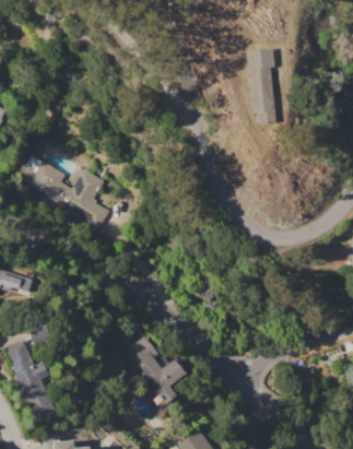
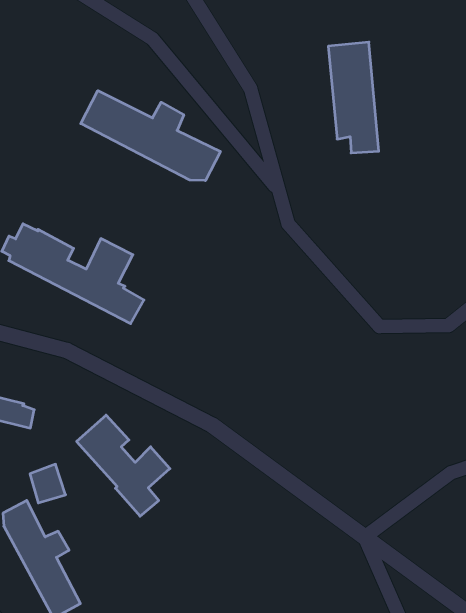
building: none -> [81,91,220,181]
building: [125,335,186,404] -> [77,415,170,516]

